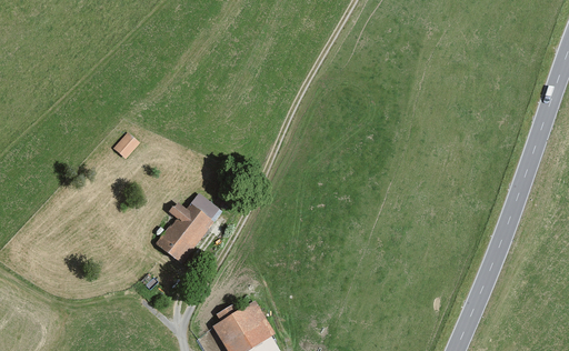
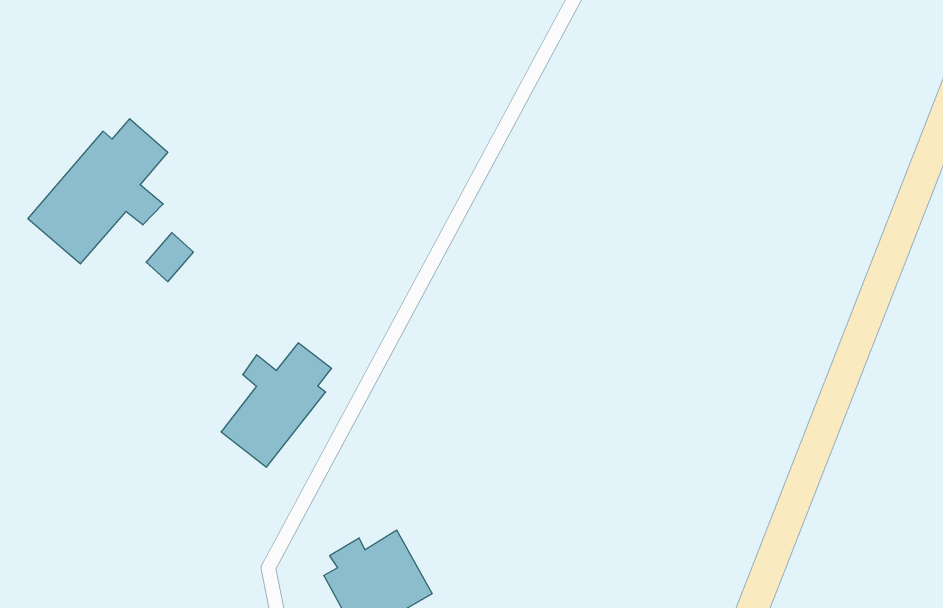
building: none -> [28,119,168,264]

